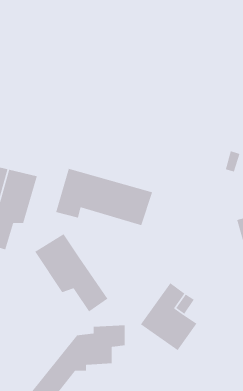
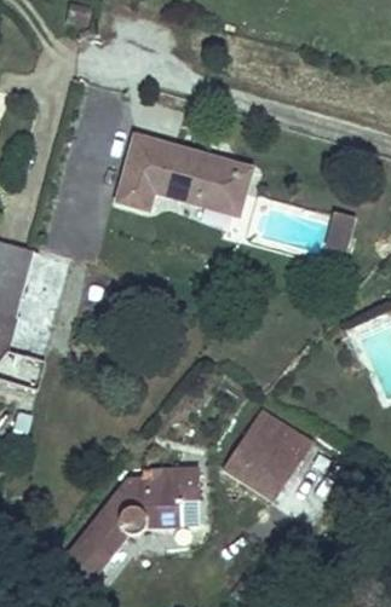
building: [55,168,153,226] -> [116,134,254,216]
building: [34,233,109,312] -> none

